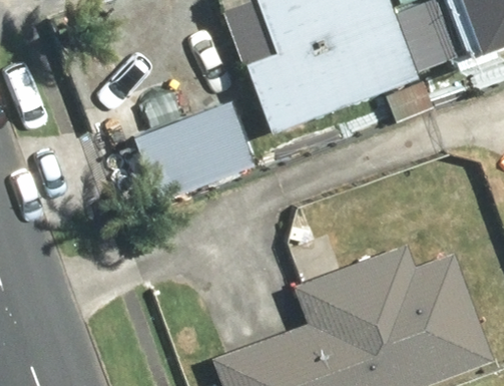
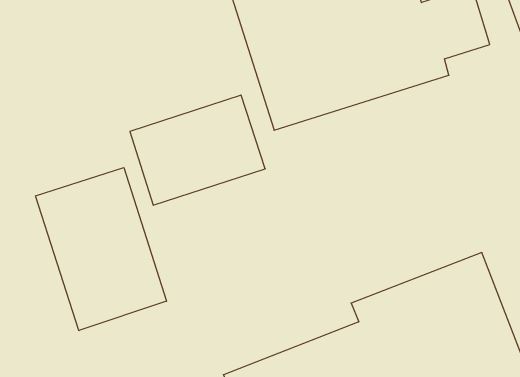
building: none -> [35,168,167,331]

